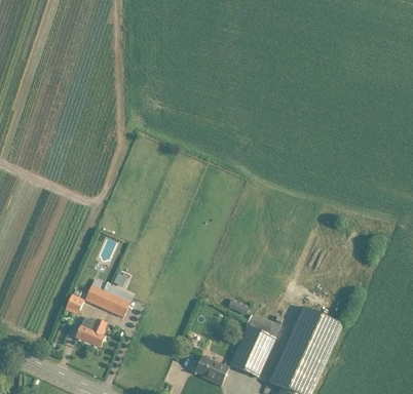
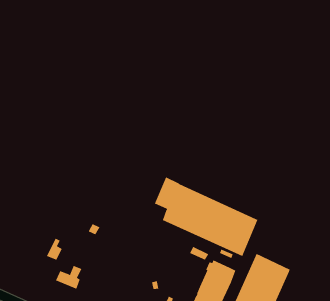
building: none -> [154,177,258,257]
building: [85,279,129,317] -> none

